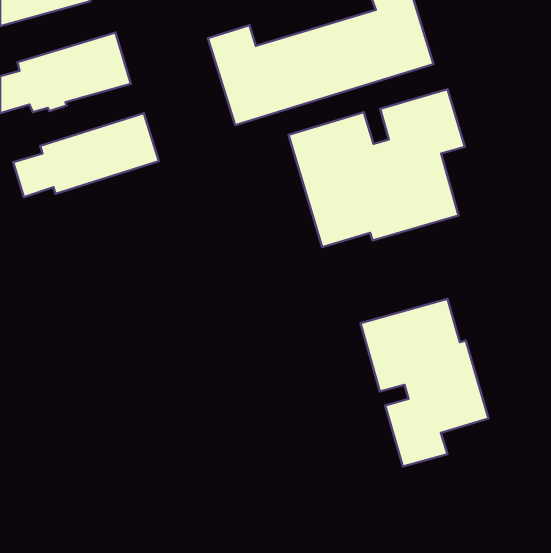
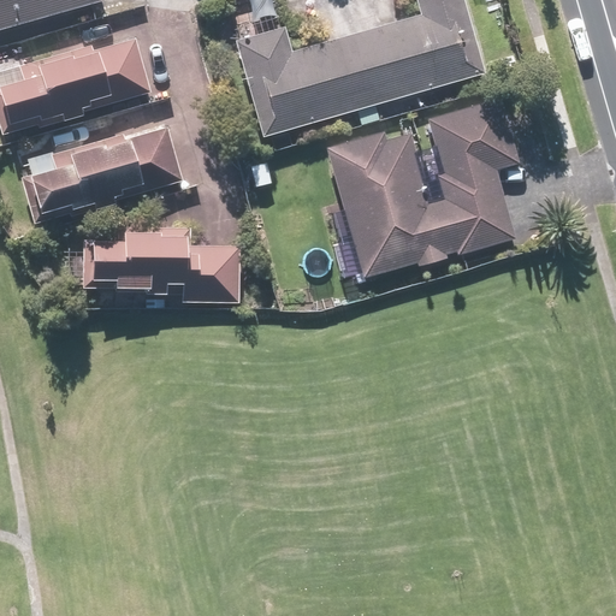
building: none -> [84,227,239,303]
building: [361,299,488,467] -> none

